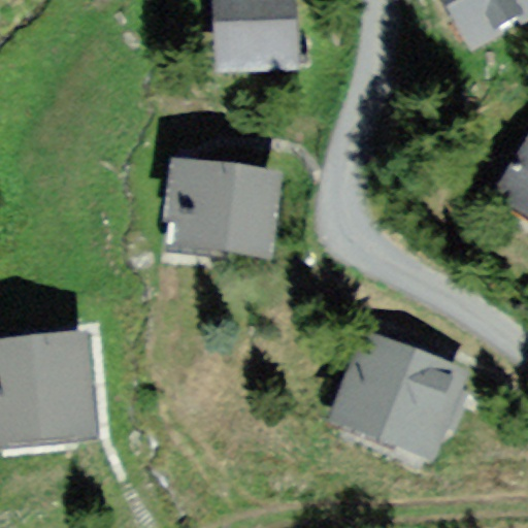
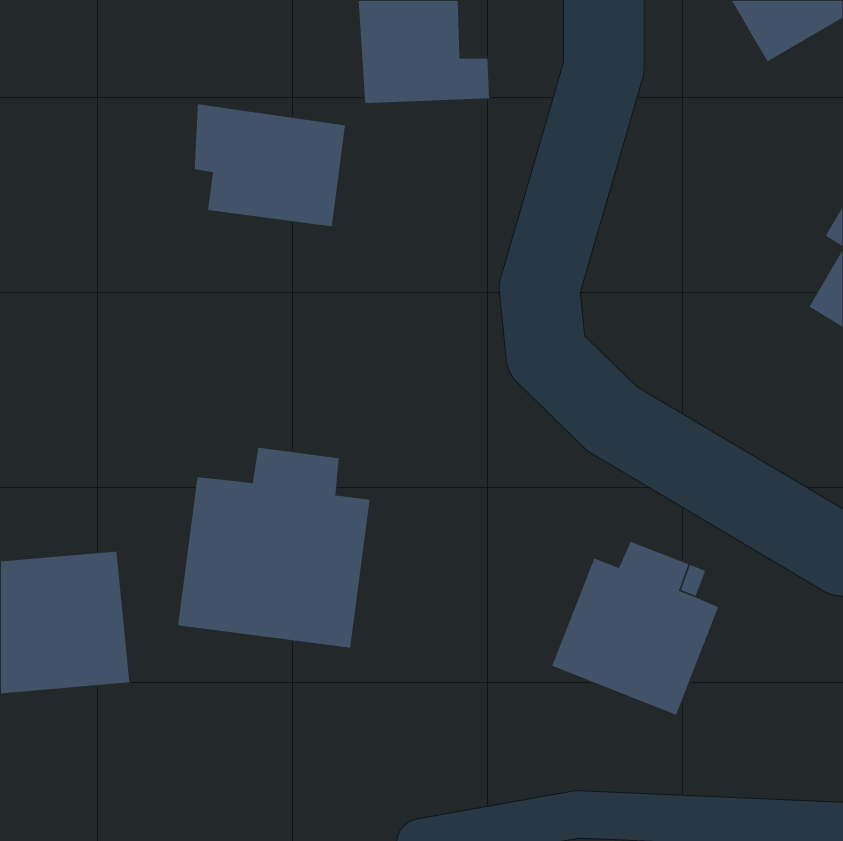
building: [174,171,269,249] -> [194,103,346,227]
building: none -> [177,447,370,649]

